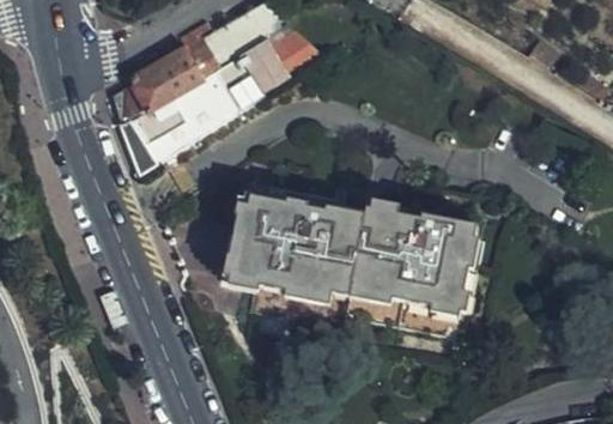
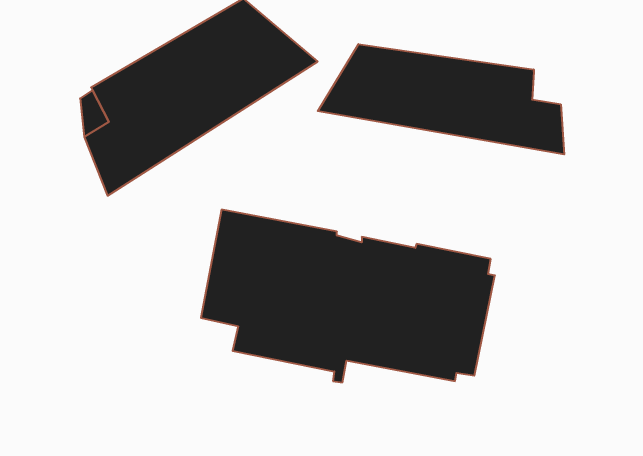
building: none -> [318,44,564,154]

